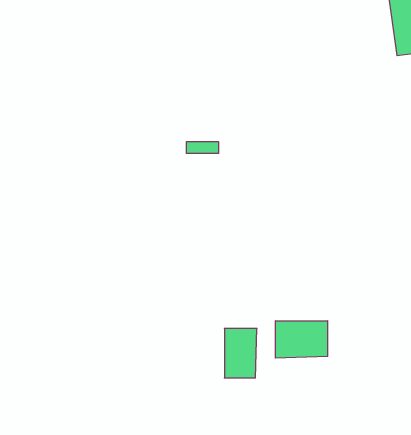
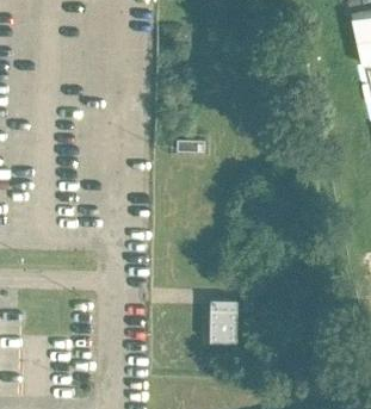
building: [276,321,328,358] -> none

